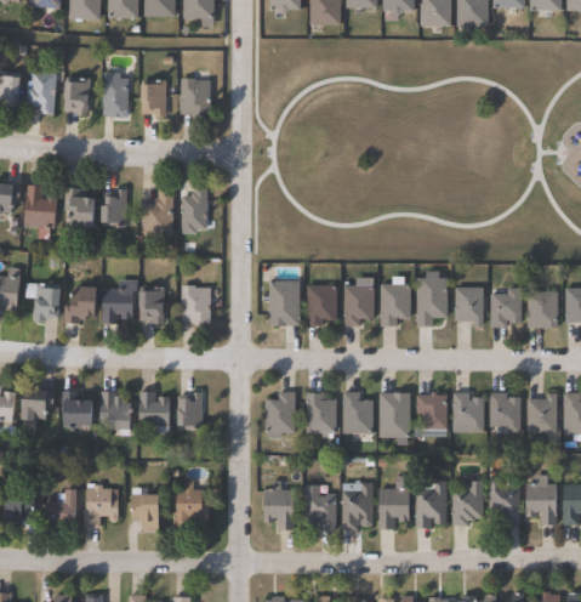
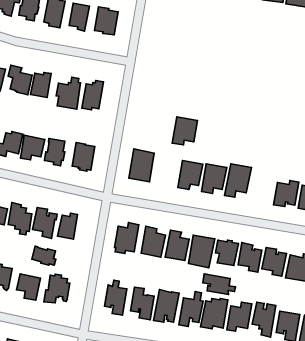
building: [306,285,337,325] -> [172,117,197,145]
building: [455,286,483,328] -> none
building: none -> [203,274,235,295]
building: none -> [32,246,56,265]

